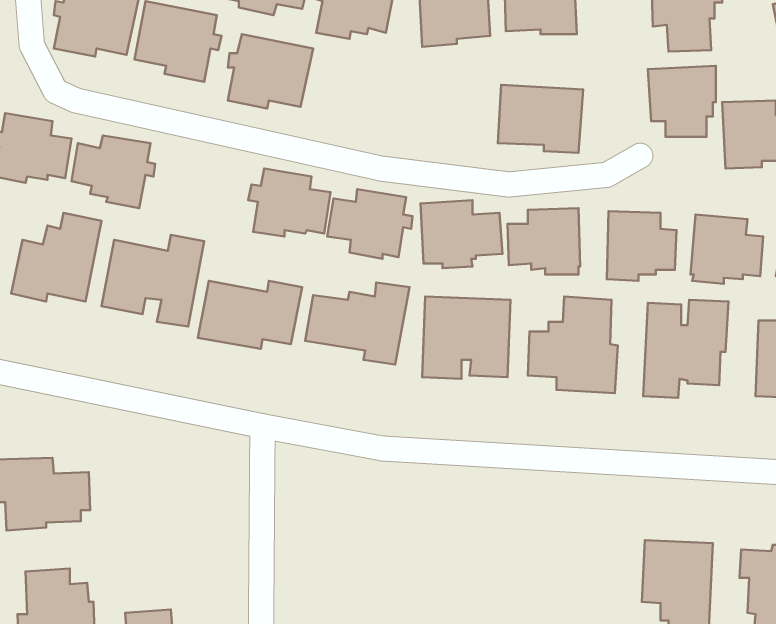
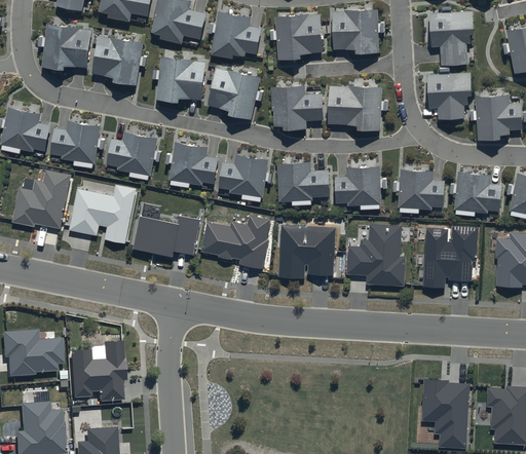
building: none -> [205,67,262,118]
building: none -> [272,88,324,130]
building: none -> [105,131,160,179]
building: none -> [70,340,126,401]

